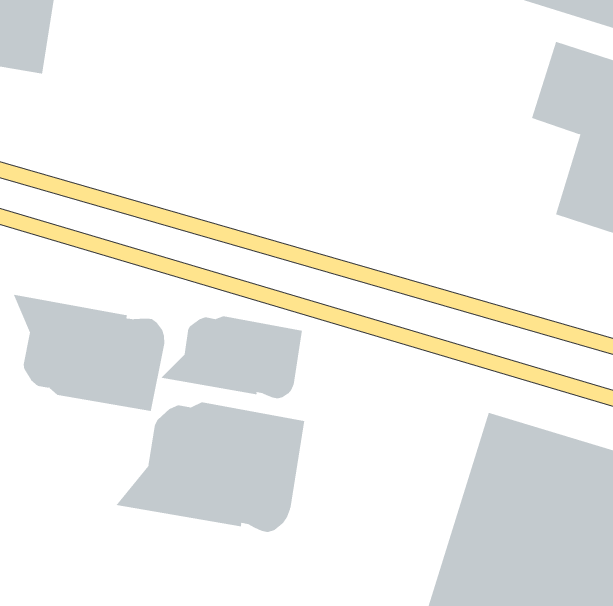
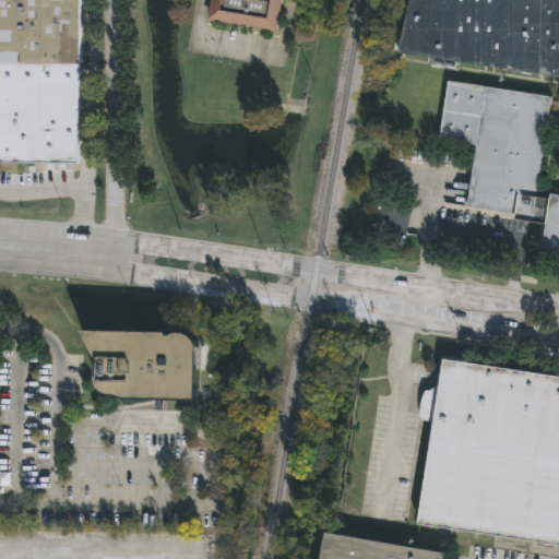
building: [160,315,303,399] -> none
building: [115,401,305,533] -> none

